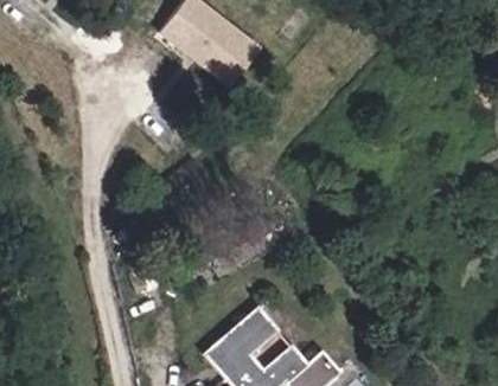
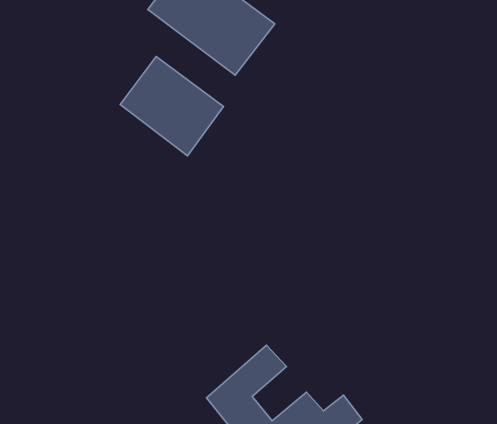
building: none -> [120,56,223,156]

